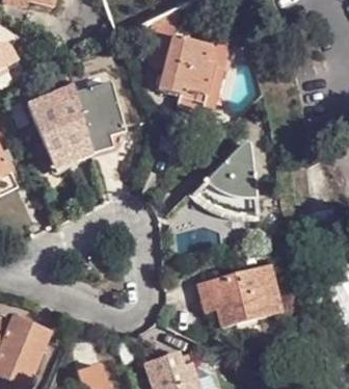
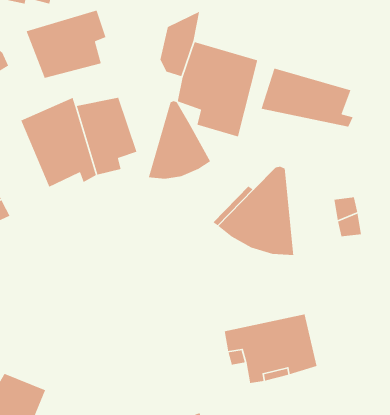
building: none -> [26,10,107,79]
building: none -> [261,67,354,128]
building: none -> [148,100,211,179]

